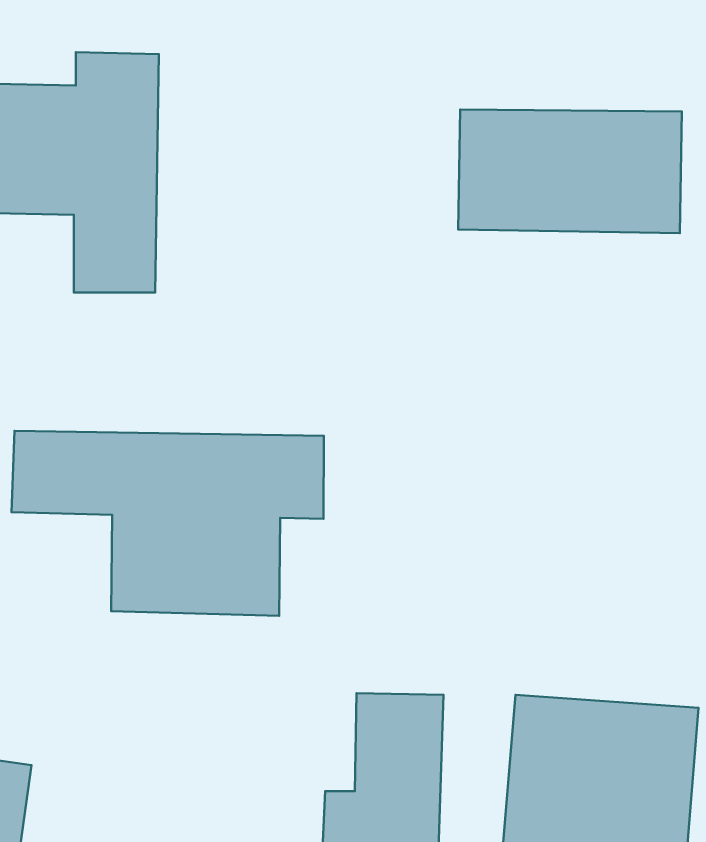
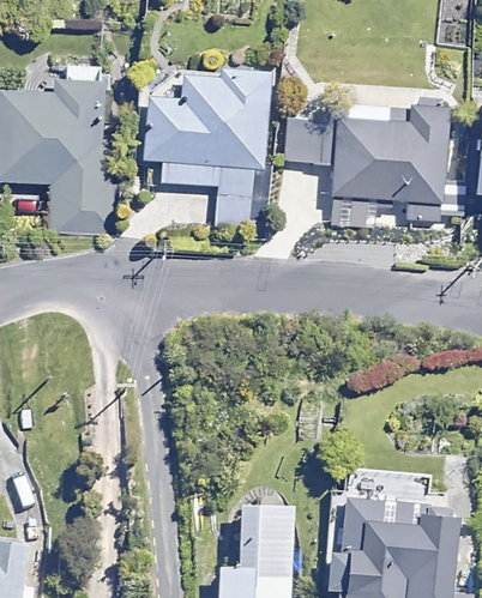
building: none -> [139,66,259,212]
building: [11,431,324,616] -> none

